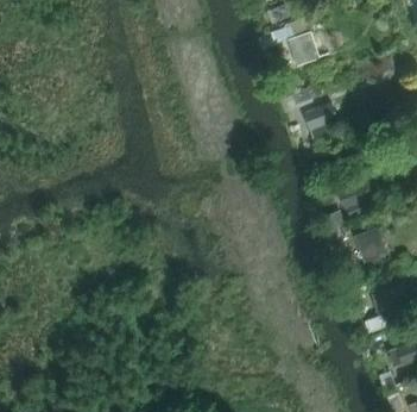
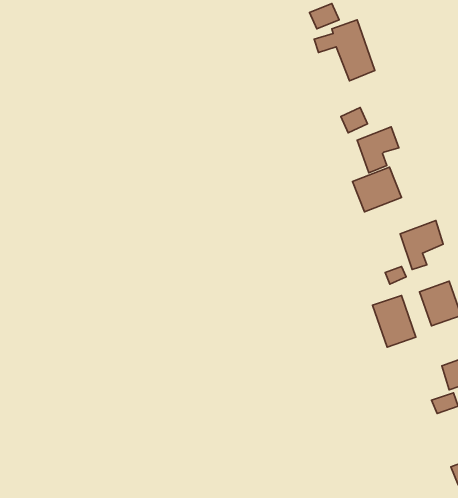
building: none -> [353,167,402,212]
building: none -> [373,295,416,347]

